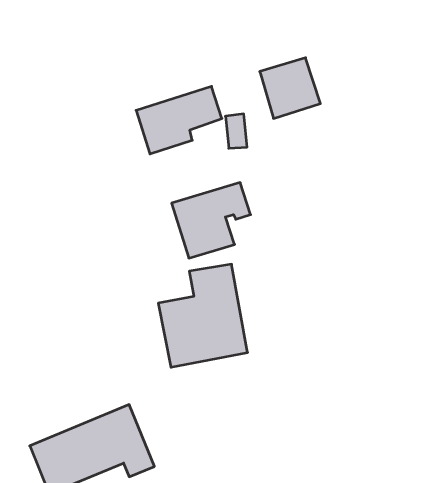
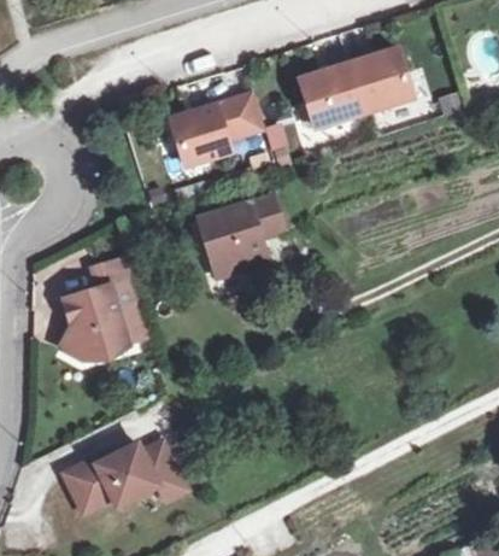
building: none -> [347,48,410,112]
building: [158,264,248,367] -> [52,256,146,364]

